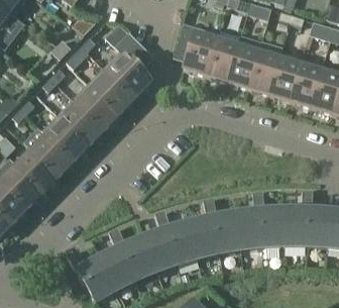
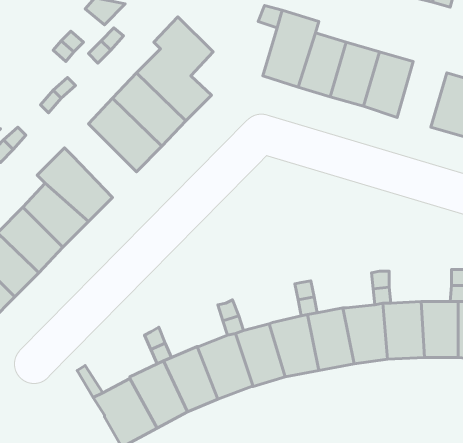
building: [269,58,301,99] -> none
building: [60,97,105,143] -> none

